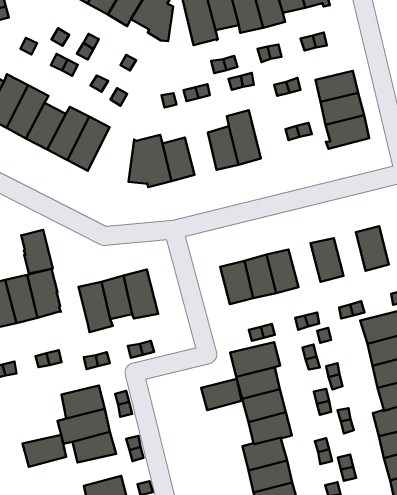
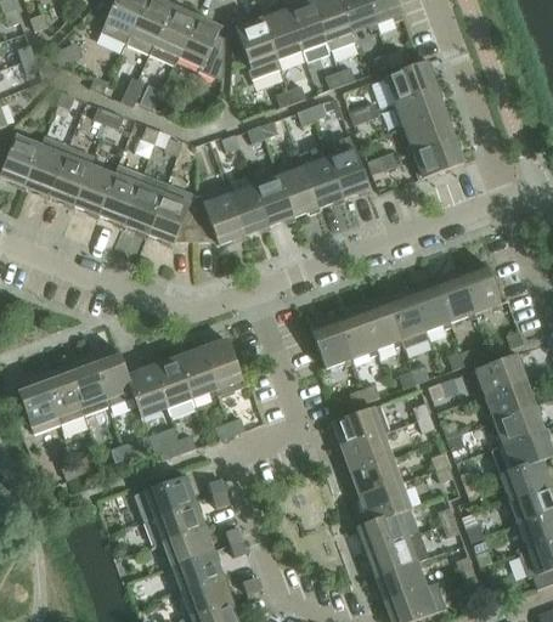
building: none -> [385,62,436,103]
building: none -> [323,136,369,199]
building: none -> [148,182,197,244]
building: none -> [254,176,294,226]
building: [21,230,53,273] -> [128,367,168,418]
building: none -> [435,271,475,322]
building: none -> [385,289,425,340]
building: [201,379,241,410] -> none
building: [23,435,66,467] -> [173,552,224,592]

